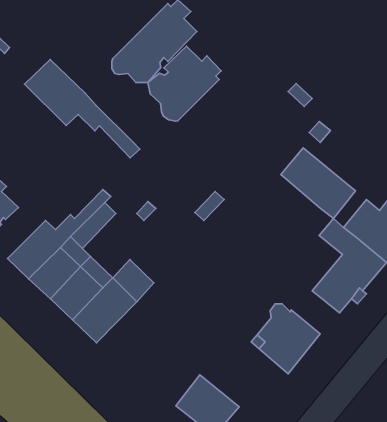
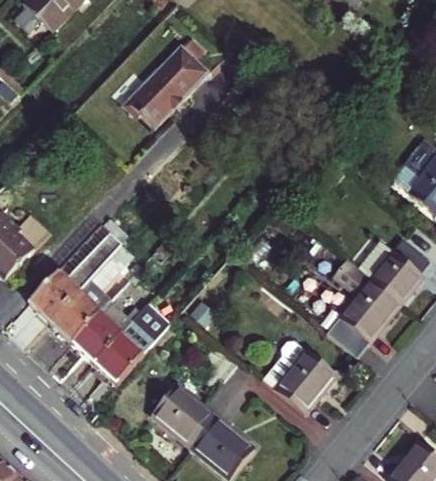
building: [148,46,221,121] -> none
building: [24,59,140,158] -> none
building: [281,148,355,219] -> none
building: none -> [150,384,214,447]

